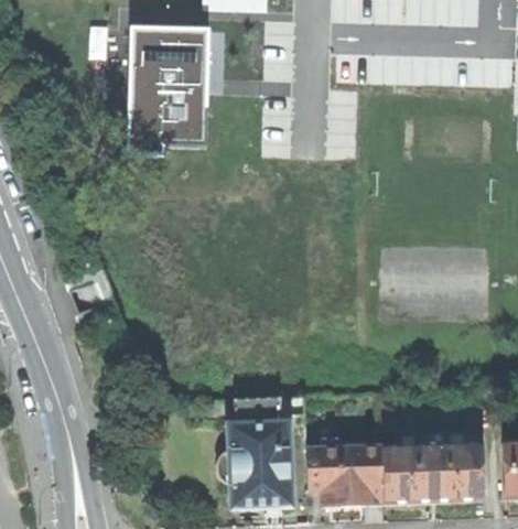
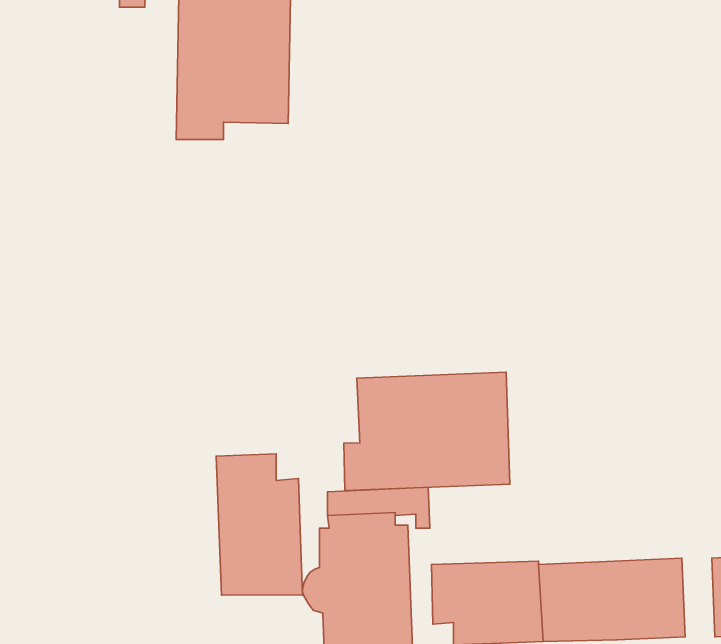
building: none -> [344,372,510,490]
building: none -> [216,454,302,595]

